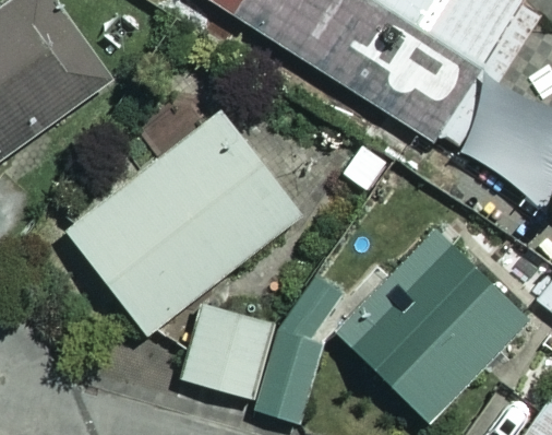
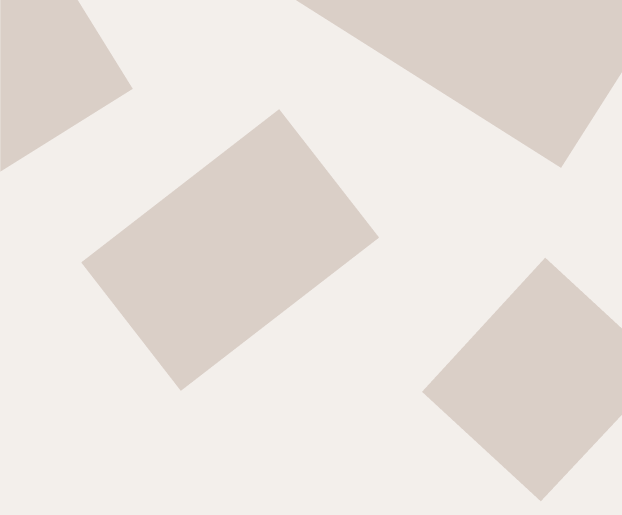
building: [184,297,329,412] -> none

